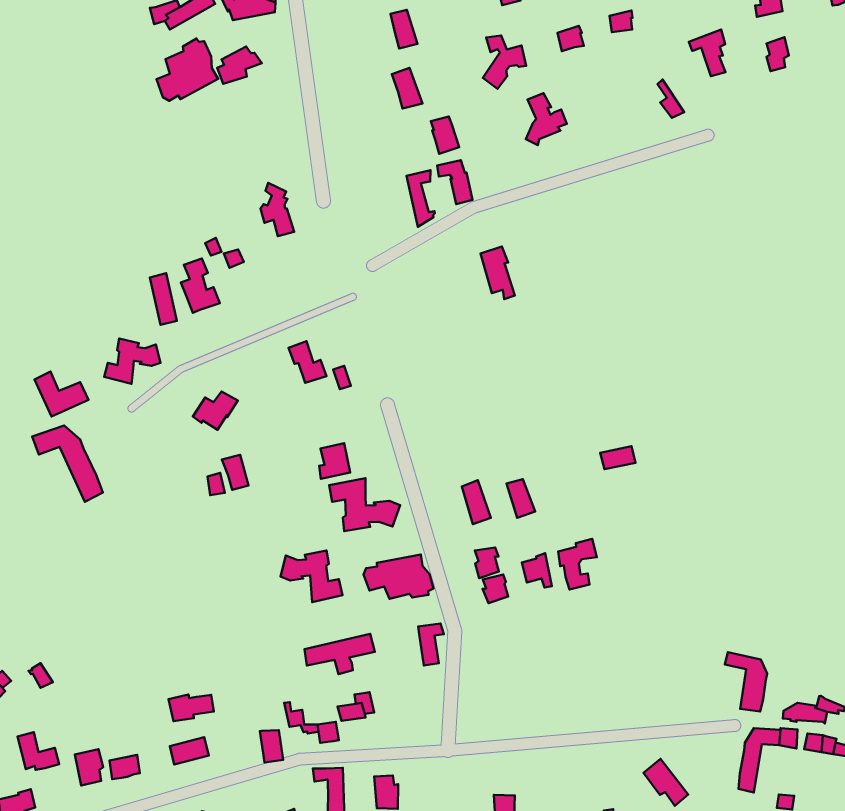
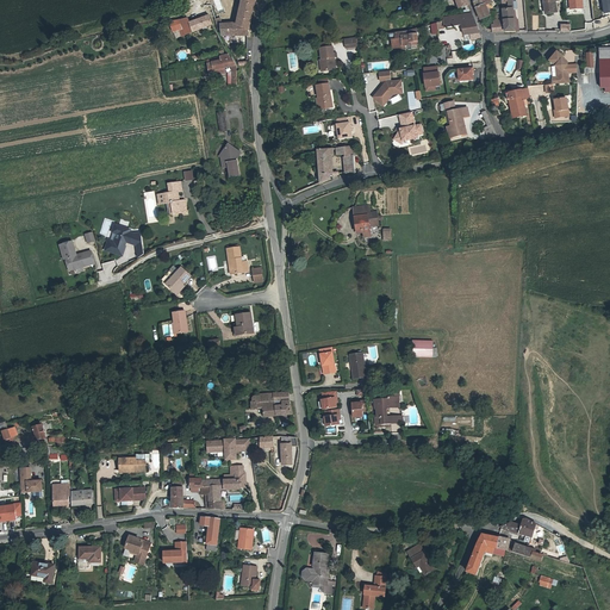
building: [157,38,218,101] -> none
building: none -> [440,99,468,135]
building: [32,425,103,502] -> none
building: [329,478,400,531] -> none
building: [280,550,343,602] -> none
building: [725,652,767,711] -> none

